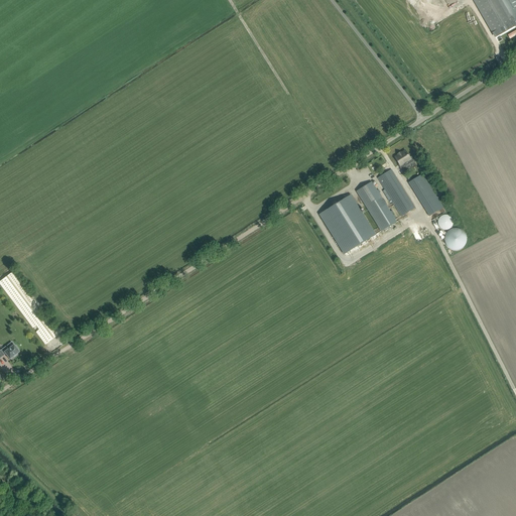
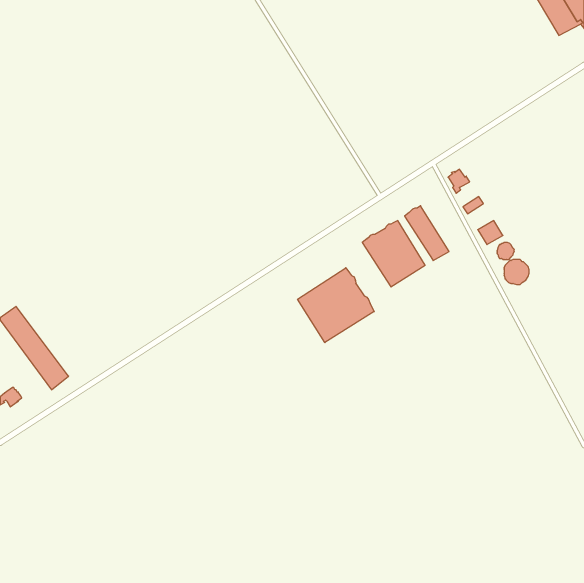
building: [378,168,415,215] -> none
building: none -> [298,268,374,343]

